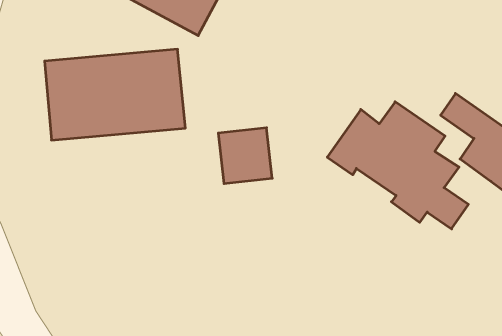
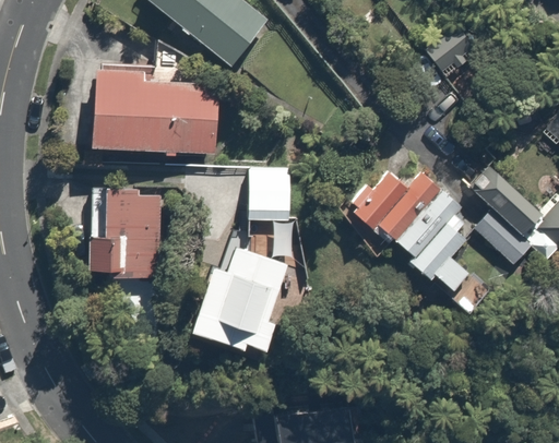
building: none -> [98,189,162,276]
building: none -> [181,229,294,348]

